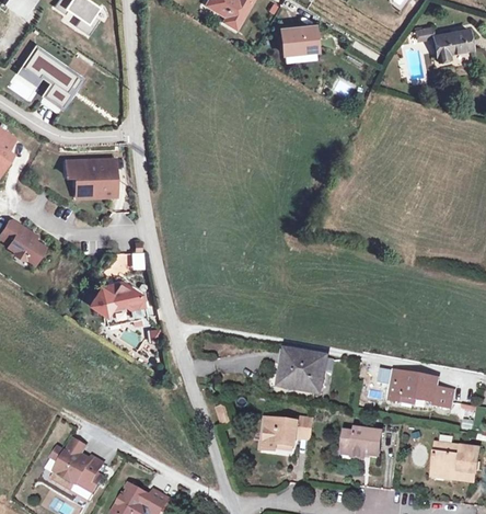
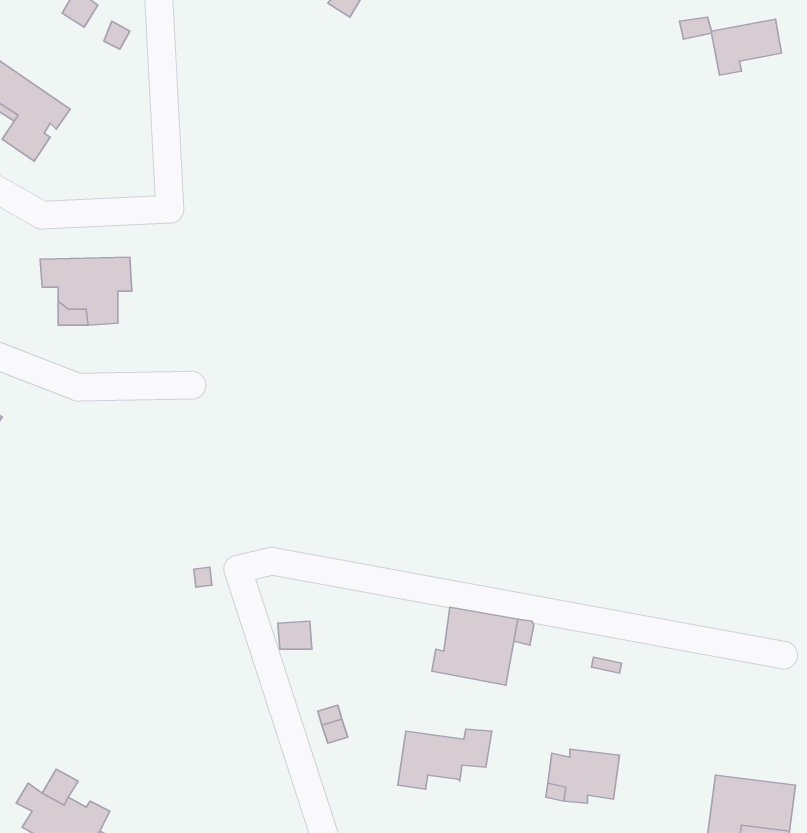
building: [279,25,315,53] -> none
building: [89,282,144,325] -> none
building: [389,373,453,408] -> none

